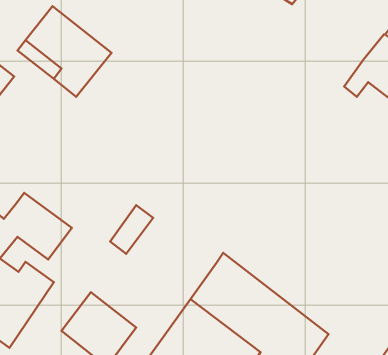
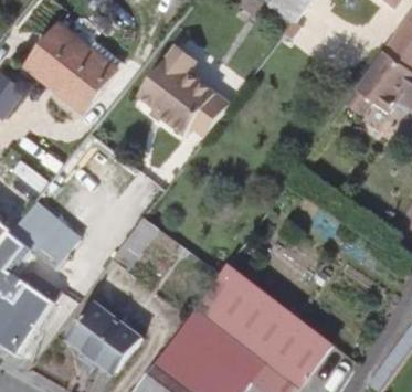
building: none -> [140,46,230,137]

